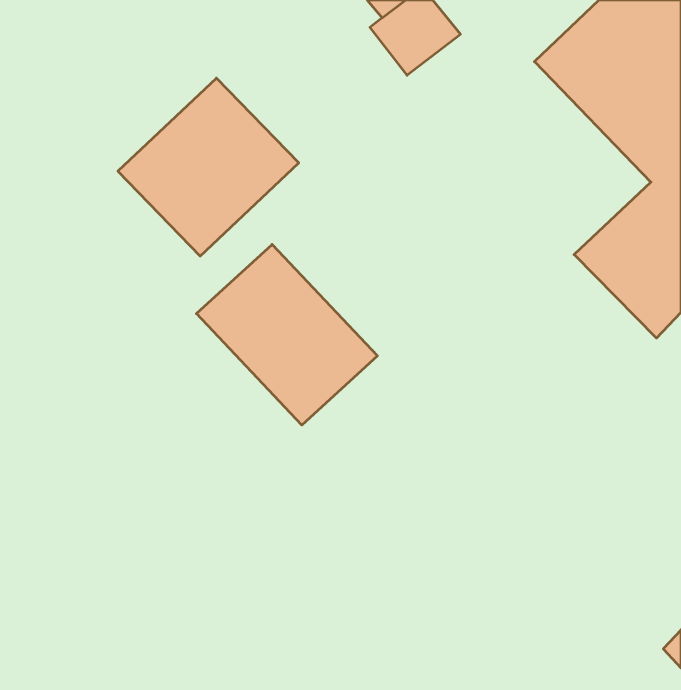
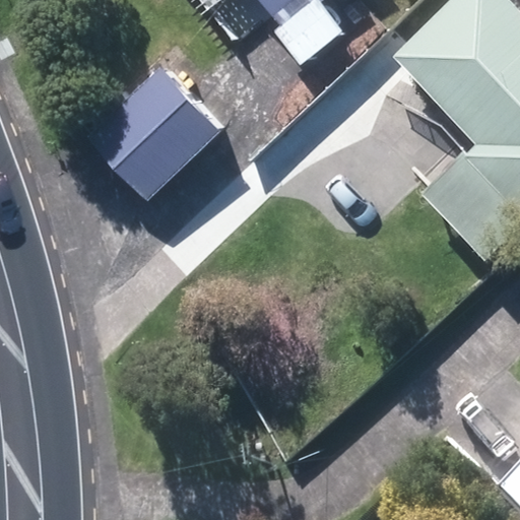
building: [196,244,377,425] -> none

